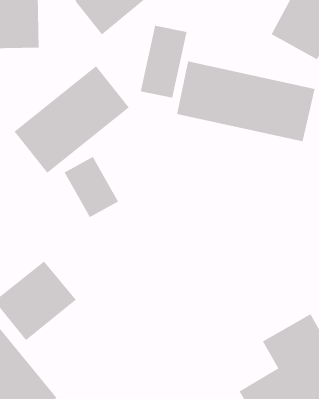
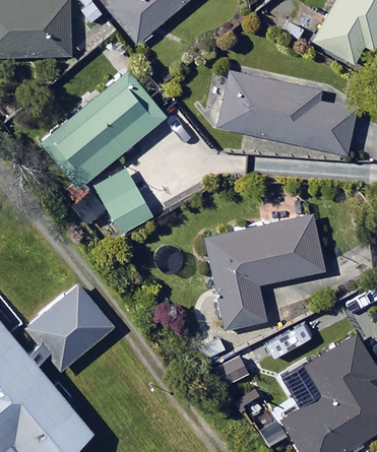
building: [140,25,187,98] -> none
building: none -> [205,216,324,329]

